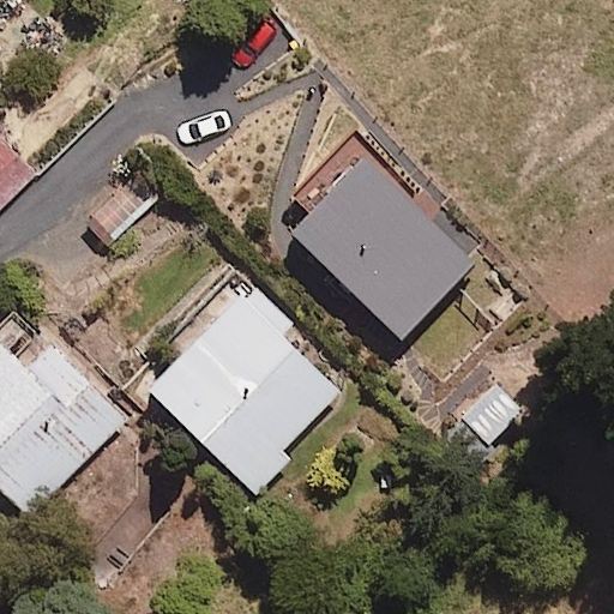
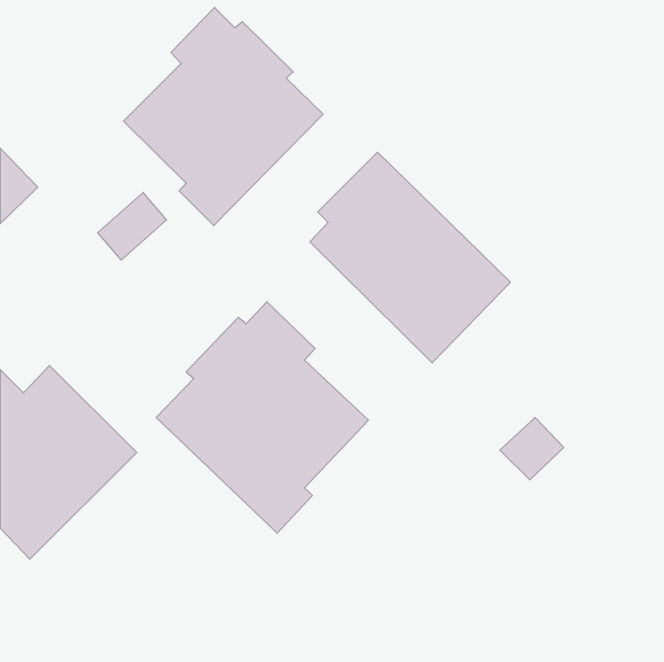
building: none -> [124,7,323,226]

